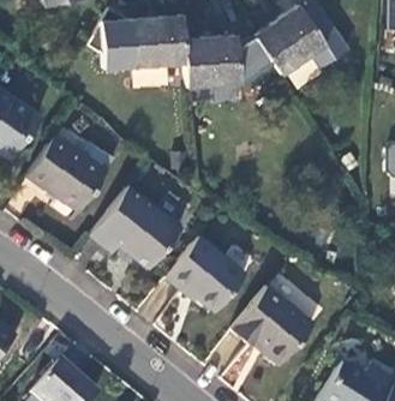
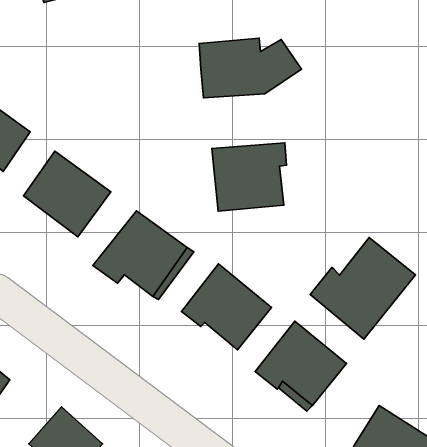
building: [85,7,186,68] -> none
building: [257,7,328,76] -> none
building: none -> [212,143,286,211]
building: none -> [310,238,415,339]

